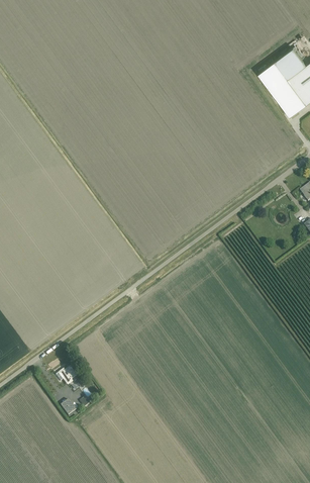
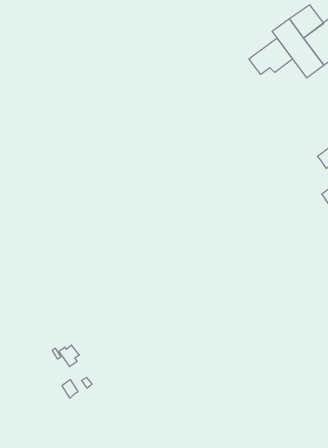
building: none -> [249,38,293,74]

